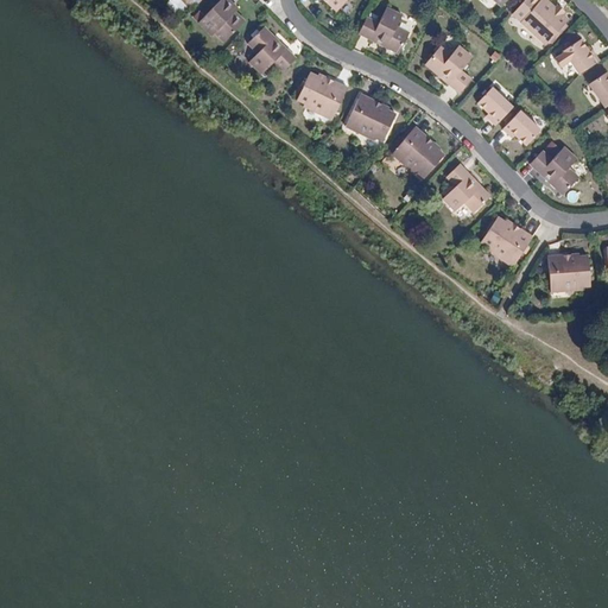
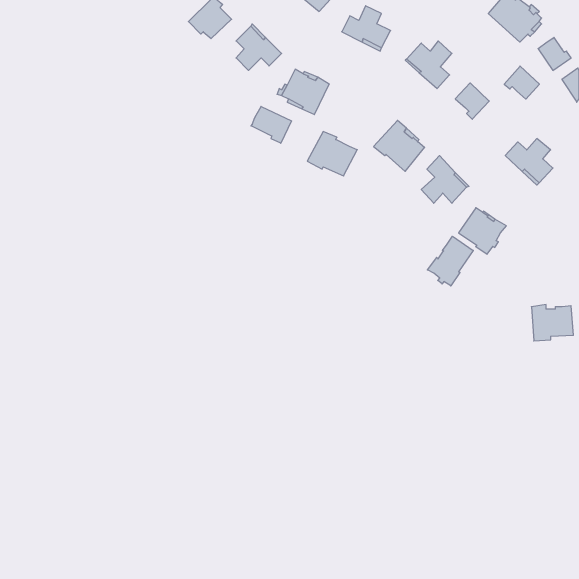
building: [344,94,397,140] -> [307,132,357,176]
building: [502,110,539,145] -> [504,66,539,99]
building: none -> [251,106,291,143]
building: none -> [427,236,473,286]
building: [545,253,589,291] -> [531,305,573,341]

